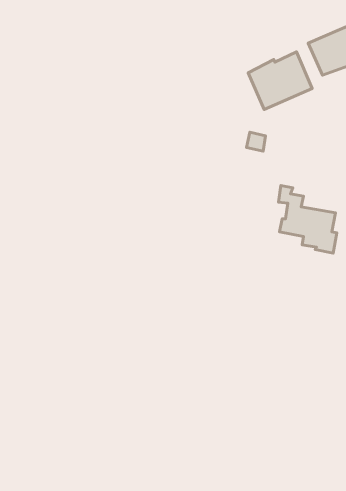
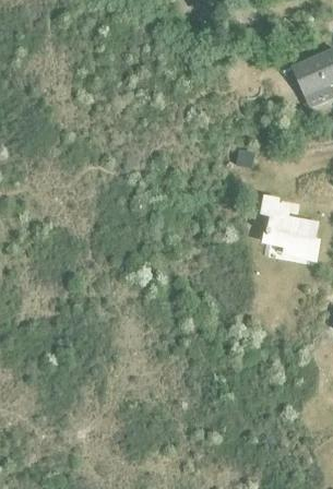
building: [248,52,312,109] -> none

